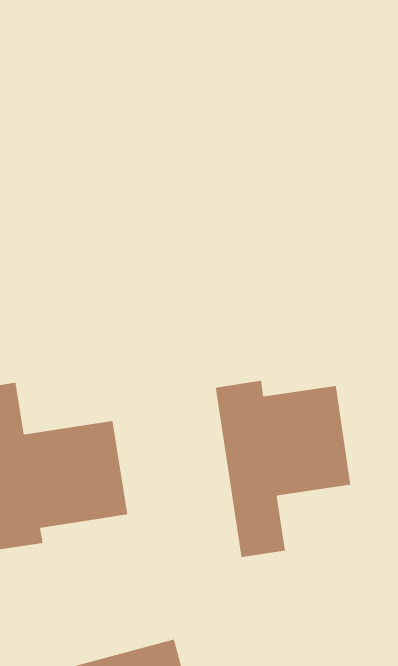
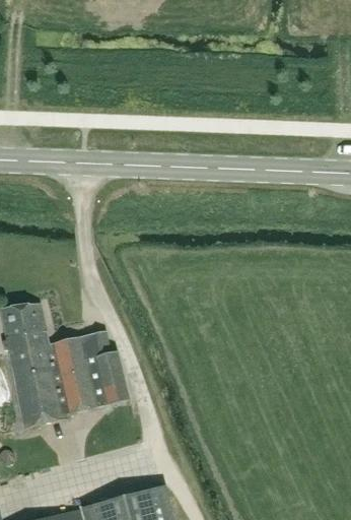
building: [215,380,351,558] -> none

